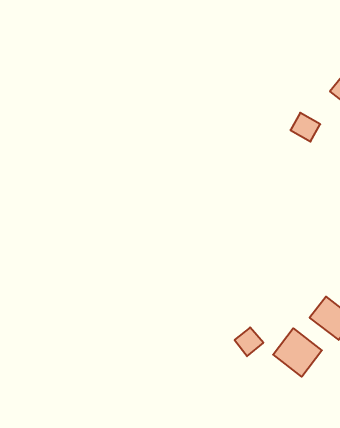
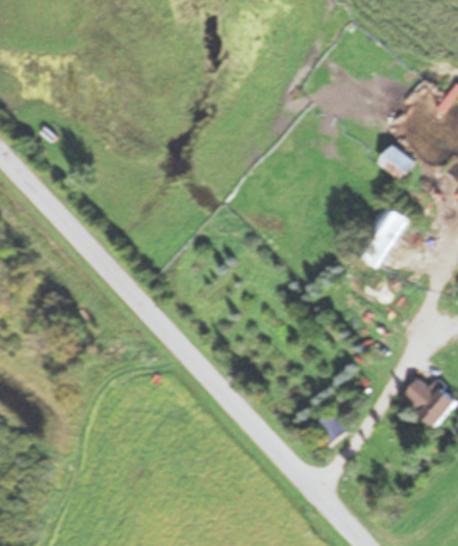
building: none -> [355,202,411,266]
building: [273,328,322,377] -> none

